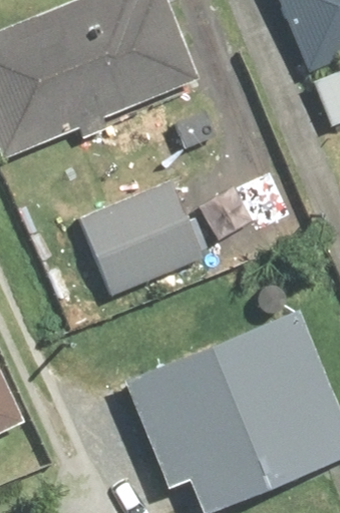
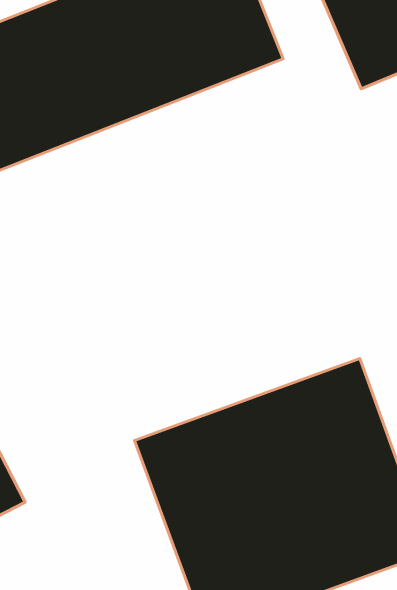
building: [76,174,211,299] -> none

